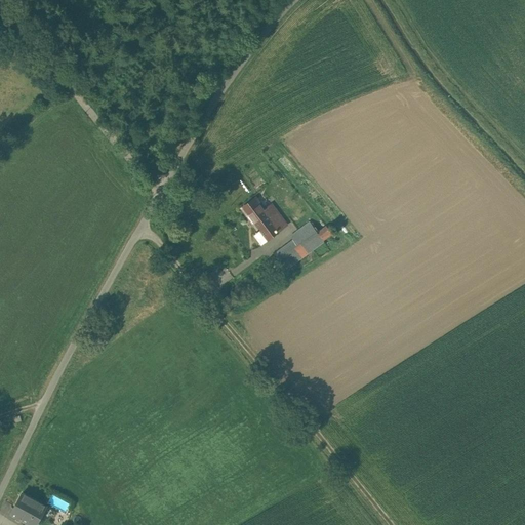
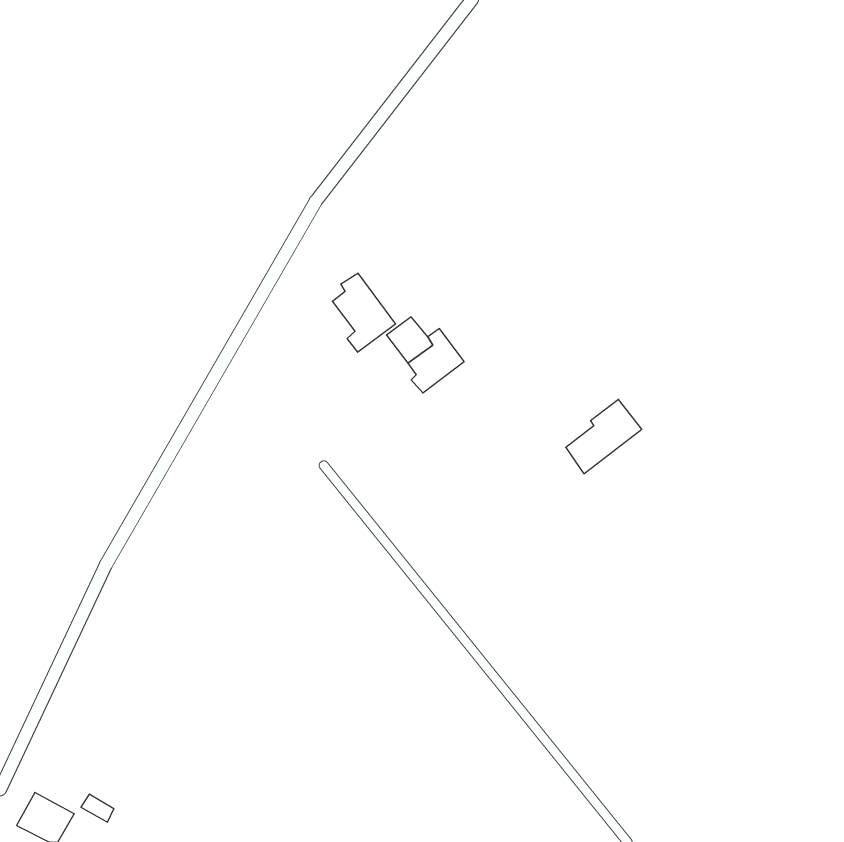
building: none -> [332,273,395,352]
building: [277,223,324,269] -> [566,399,642,474]

